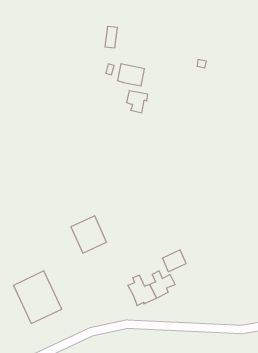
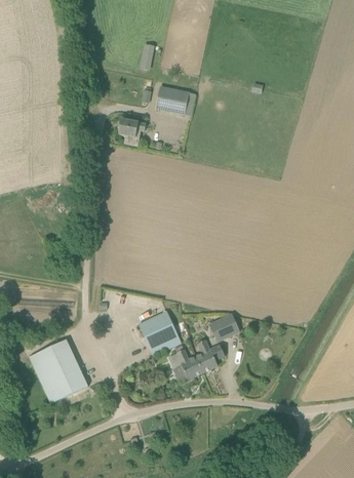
building: [127,91,148,113] -> [118,118,144,145]
building: [71,216,107,253] -> [137,310,181,355]

